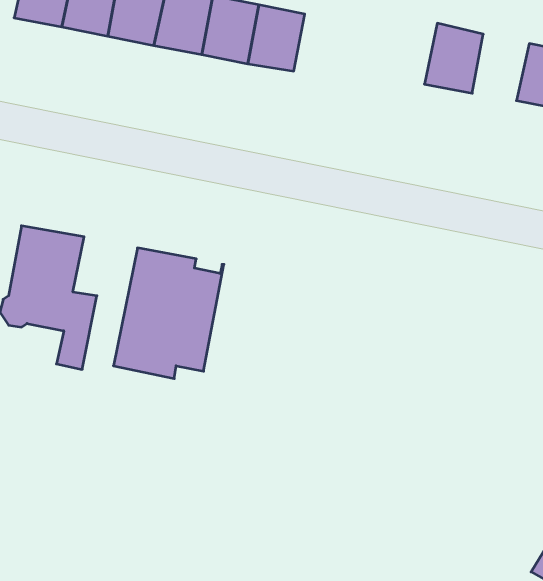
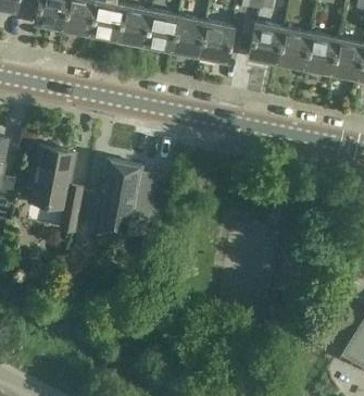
building: none -> [200,22,235,62]
building: none -> [249,22,285,63]
building: none -> [305,34,339,73]

